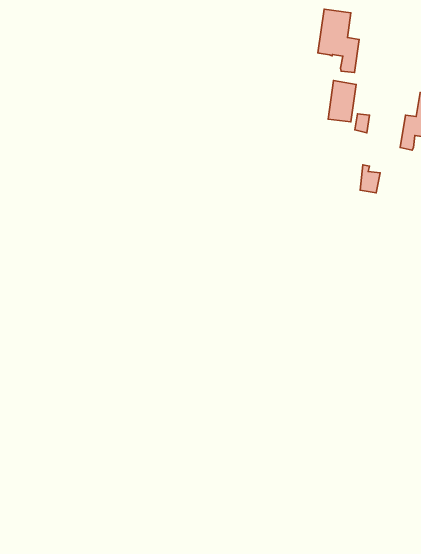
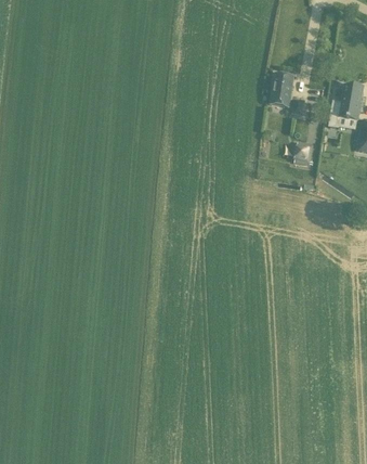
building: [318,9,359,72] -> none

